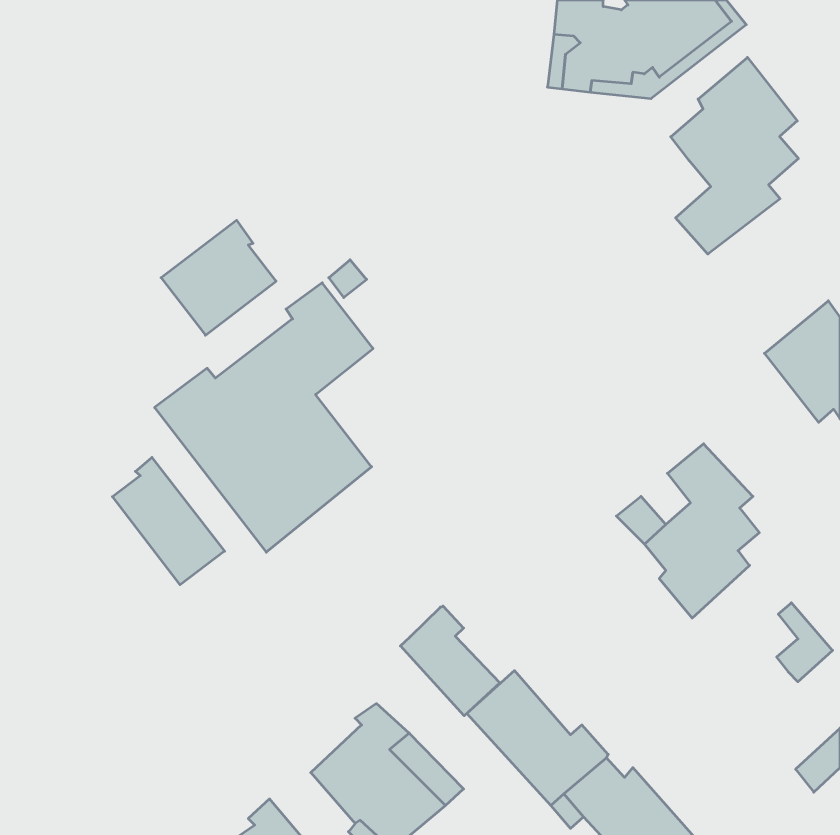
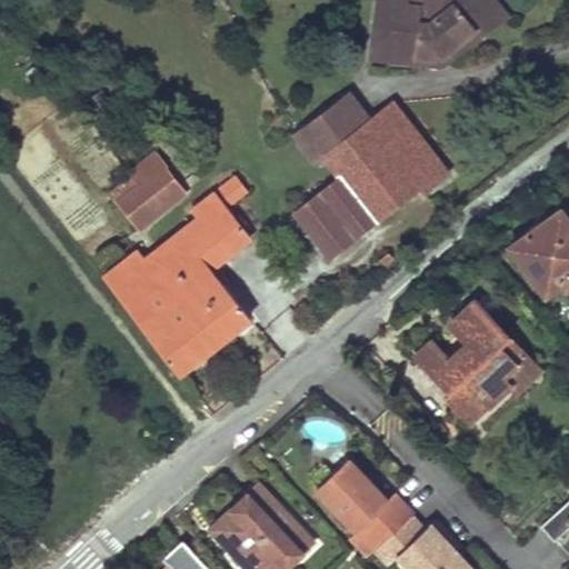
building: [671,57,798,254] -> none
building: none -> [295,99,448,259]
building: [112,457,225,585] -> none
building: [777,603,833,682] -> [499,339,537,392]
building: [400,606,500,716] -> none

